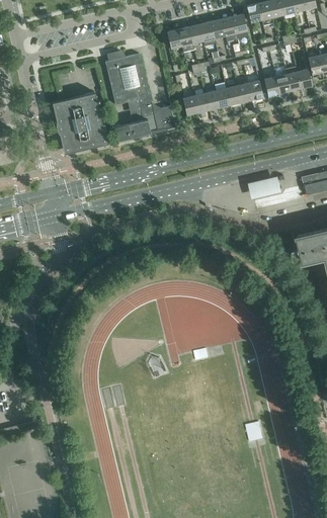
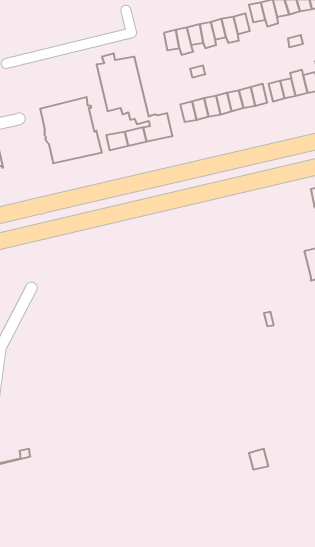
building: [247,173,282,197] -> none

